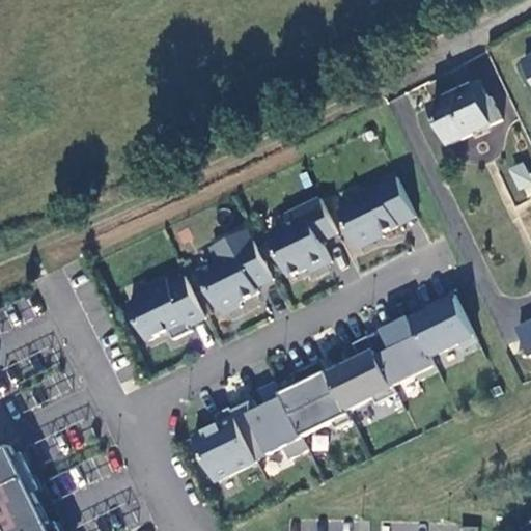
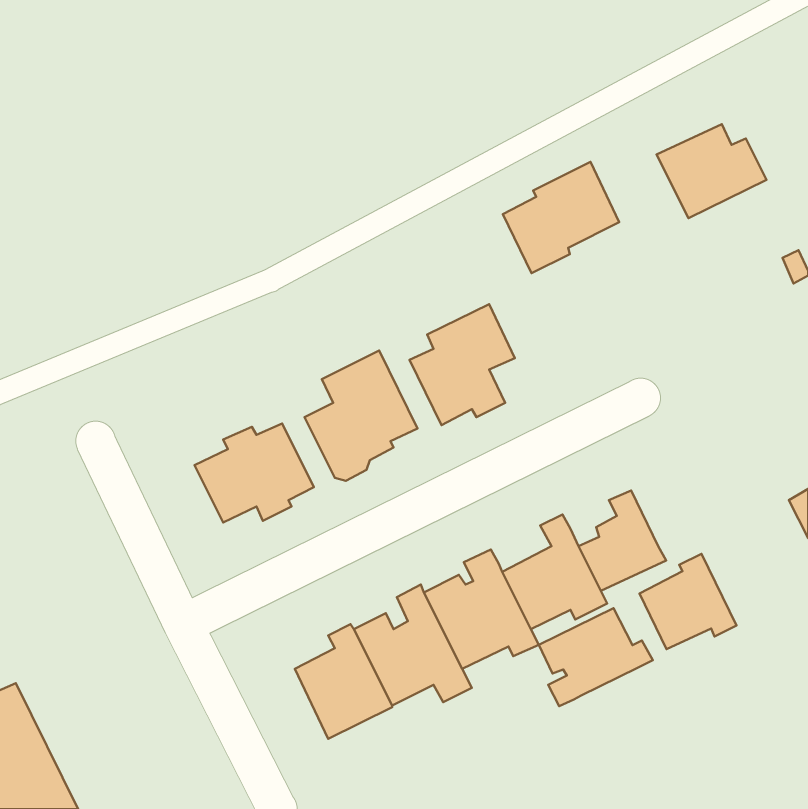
building: [337,176,413,249] -> [503,162,619,273]
building: [411,294,474,356] -> [639,554,737,649]
building: none -> [539,608,653,706]

